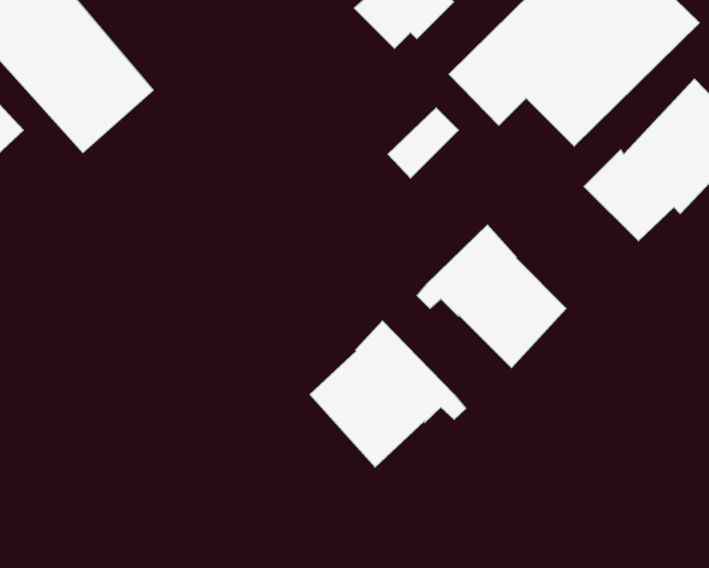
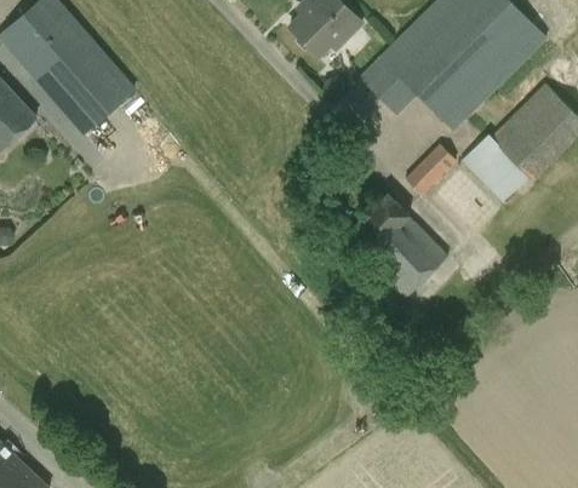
building: [388,108,459,178] -> [404,144,457,197]
building: [310,321,466,467] -> none

